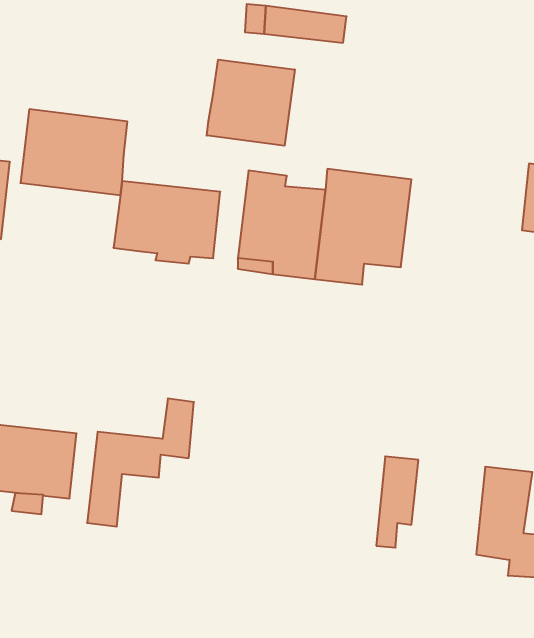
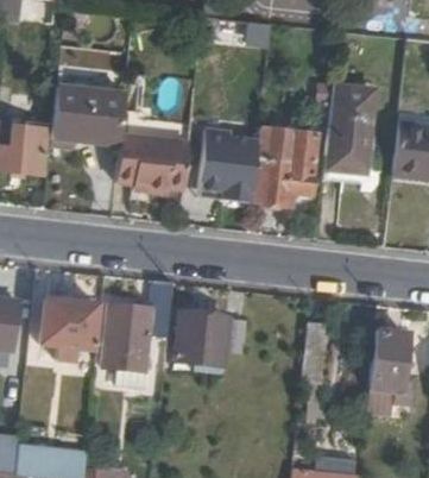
building: [207,60,295,146] -> none
building: none -> [324,86,378,171]
building: none -> [172,312,242,364]

